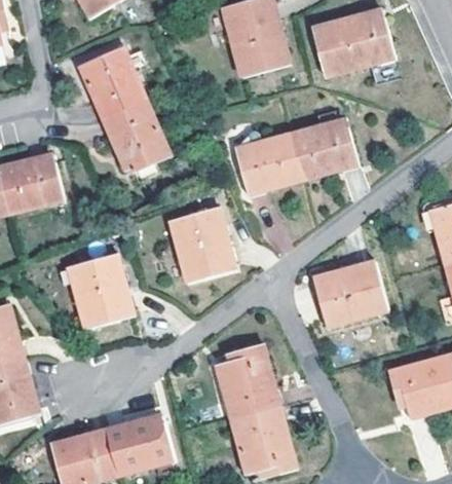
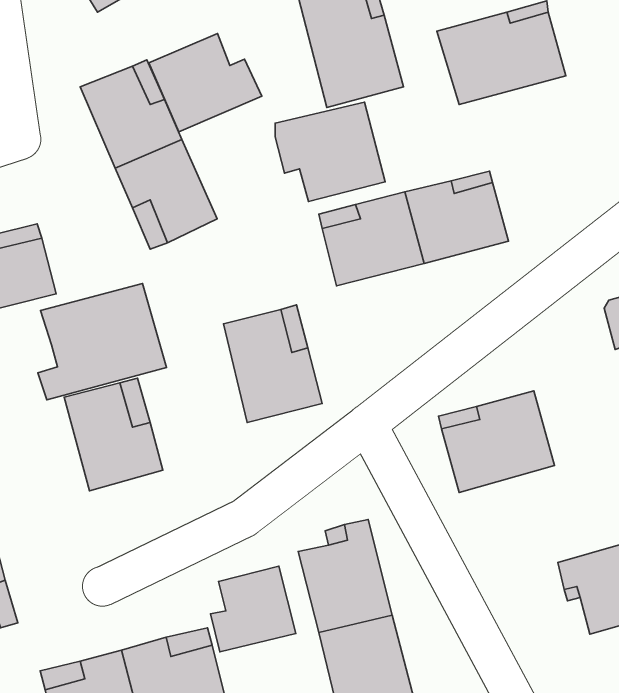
building: none -> [149,34,262,132]
building: none -> [275,102,385,201]
building: none -> [38,283,166,400]
building: none -> [210,566,296,652]

